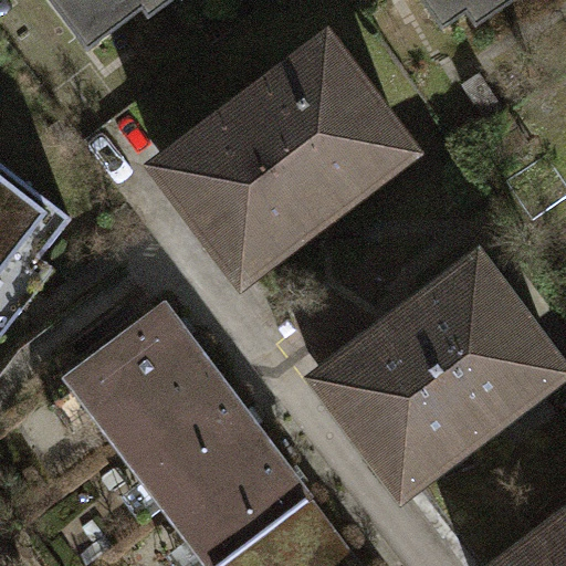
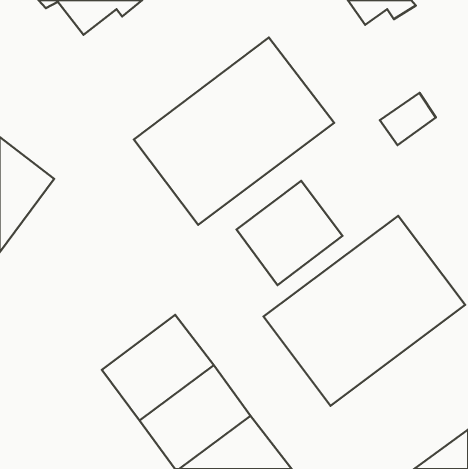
building: none -> [236,181,343,285]
building: [72,312,211,446] -> none

